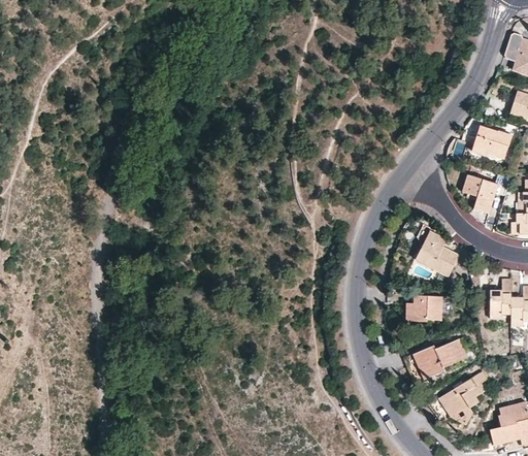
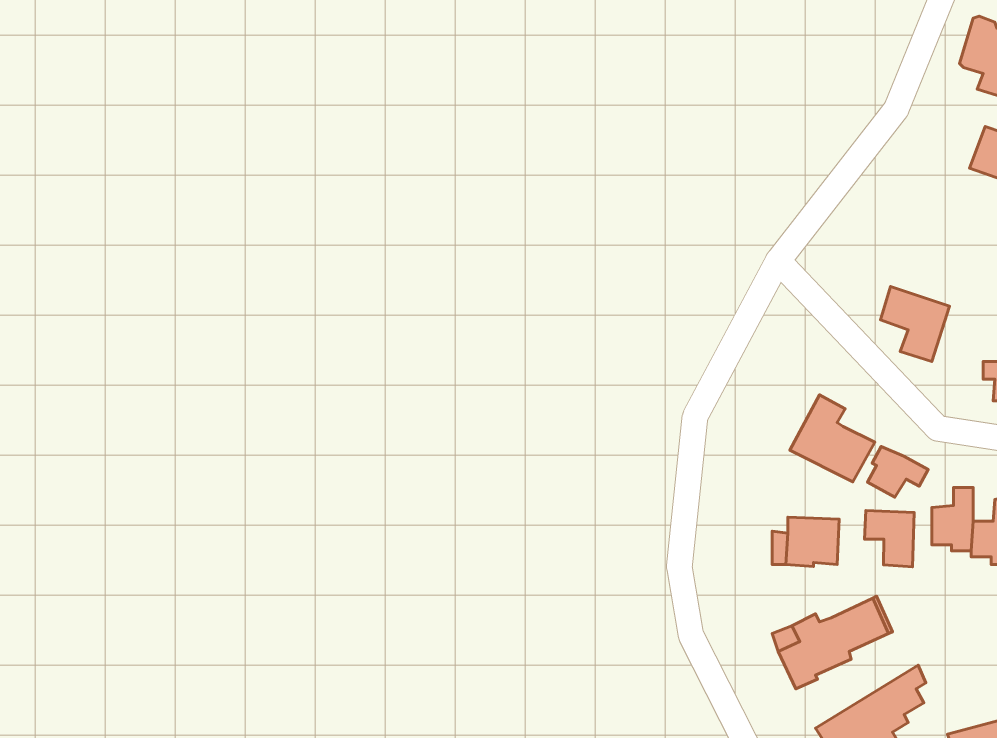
building: [472,126,513,161] -> none
building: none -> [867,446,928,497]
building: none -> [864,510,914,567]

